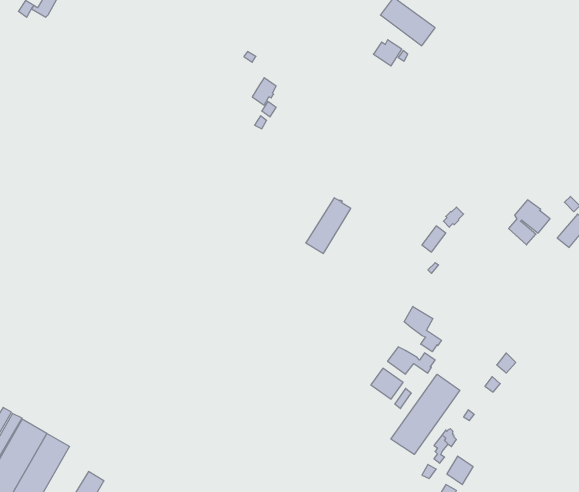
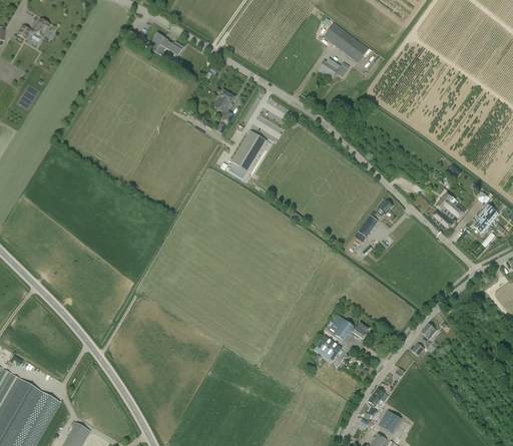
building: none -> [148,32,183,55]
building: [306,198,351,253] -> [227,130,266,177]
building: [404,306,441,352] -> none
building: [391,374,460,454] -> none

